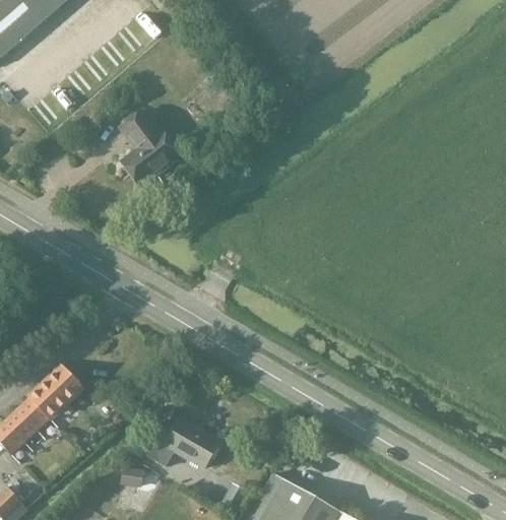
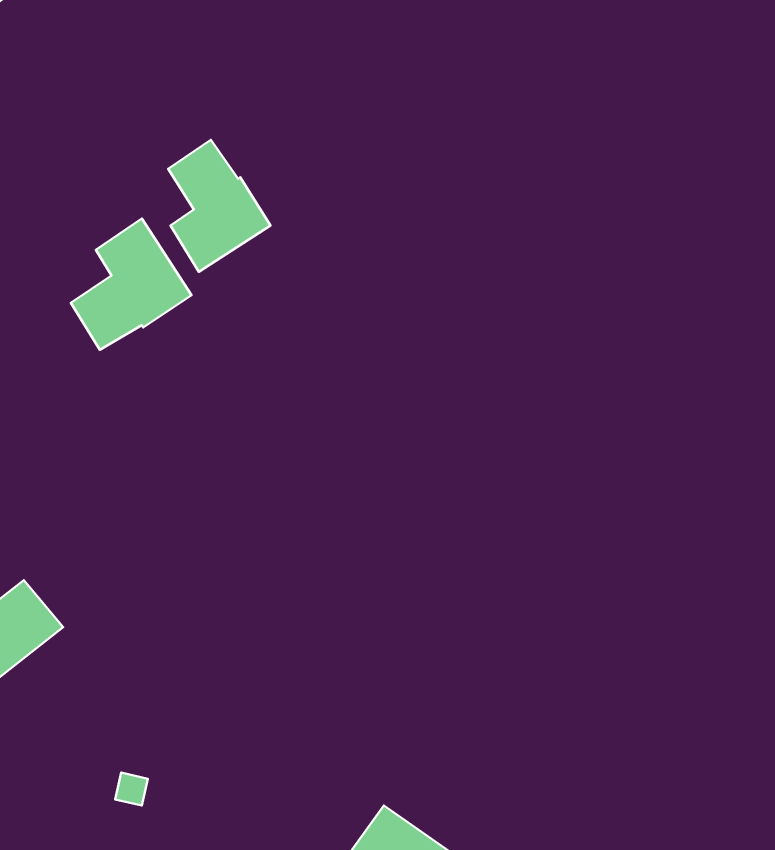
building: none -> [71,218,192,350]
building: [146,418,218,469] -> none

